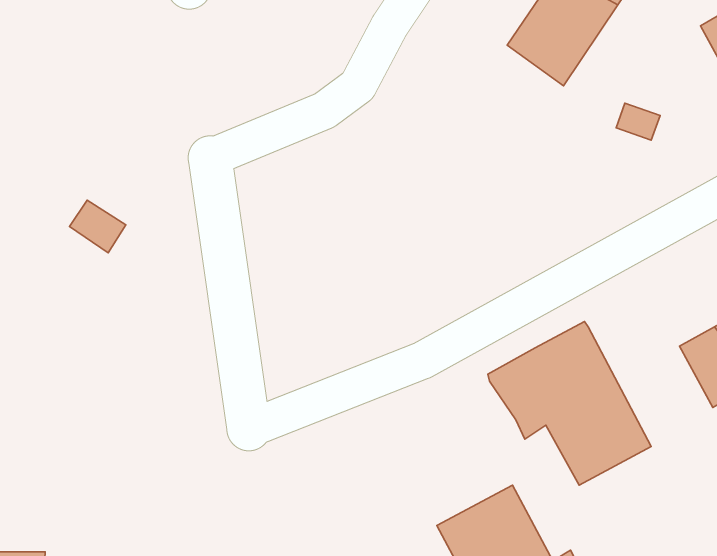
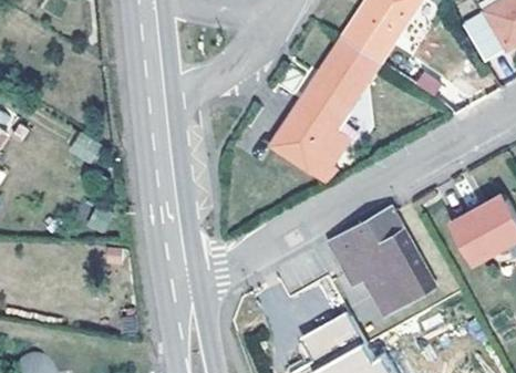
building: none -> [270,34,379,172]

